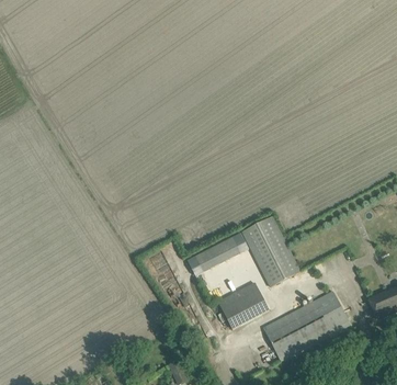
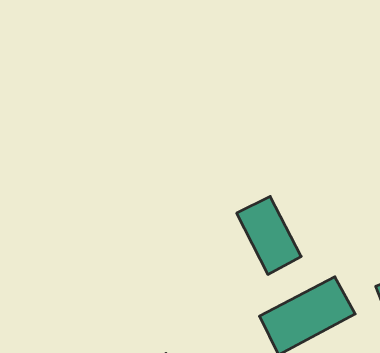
building: [186,233,248,276] -> none
building: [217,282,269,329] -> none

